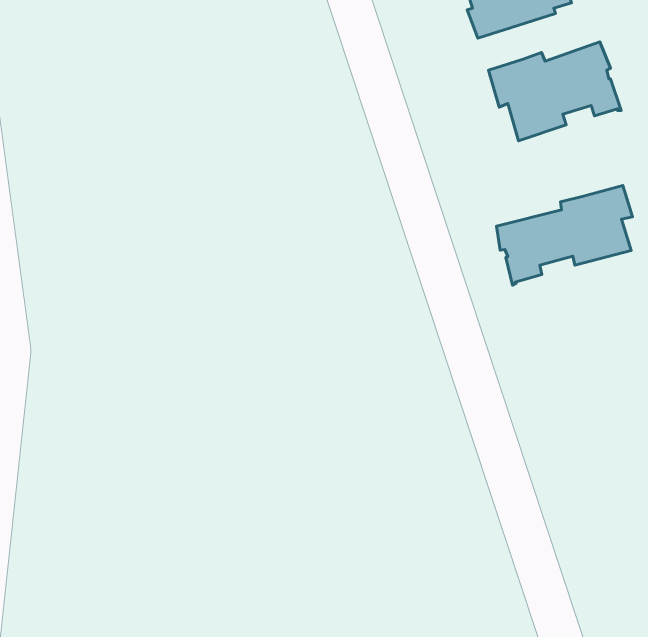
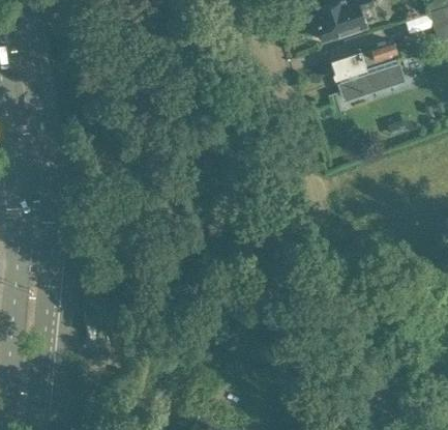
building: [496,185,632,285] -> none

